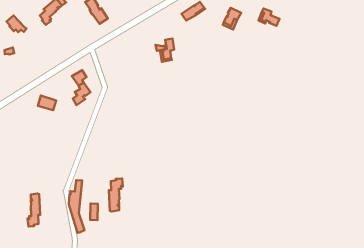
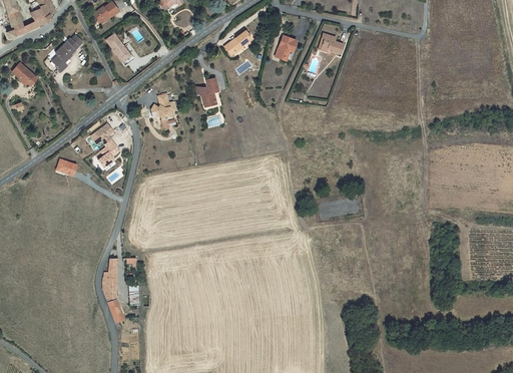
building: none -> [151,93,176,127]
building: [109,179,123,211] -> none
building: [28,194,40,226] -> none

